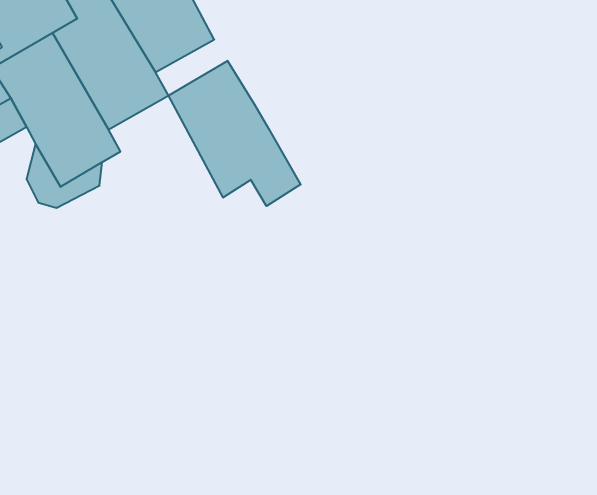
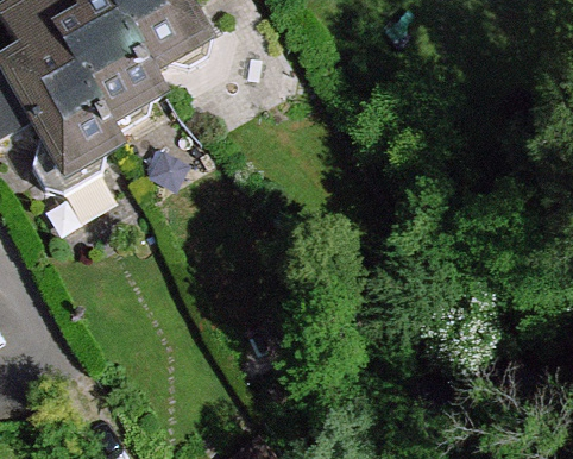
building: [169,61,301,206] -> none

